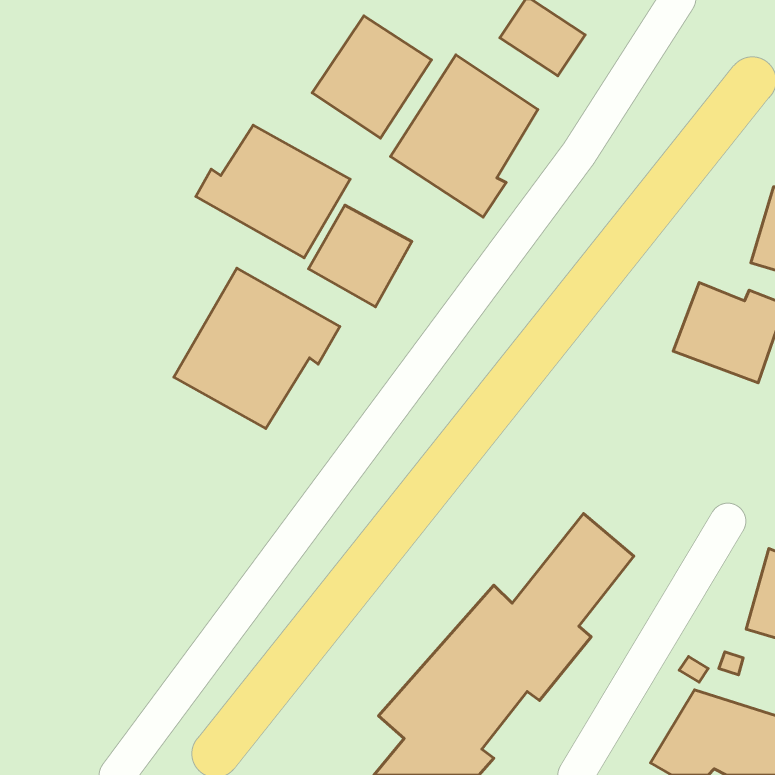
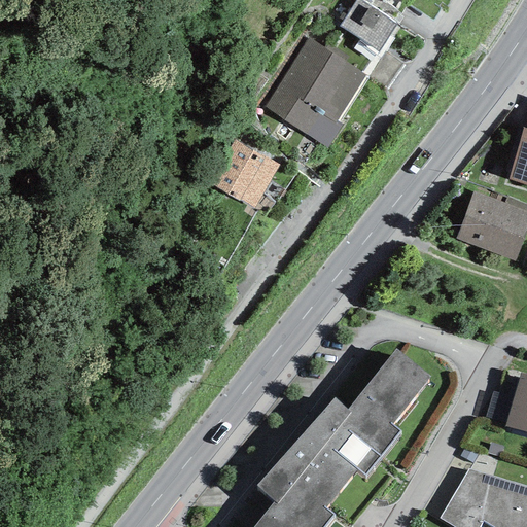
building: [312,16,432,138] -> none
building: [196,125,350,258] -> none
building: [174,268,340,428] -> none

